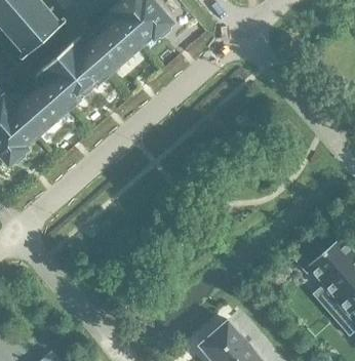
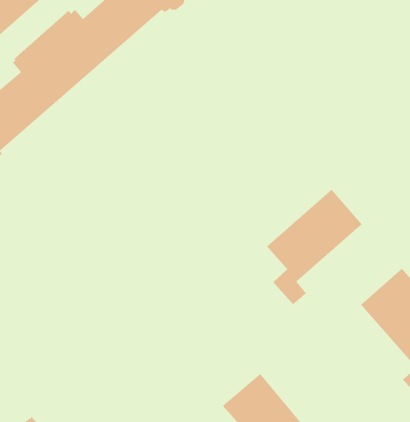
building: none -> [266,189,363,305]

